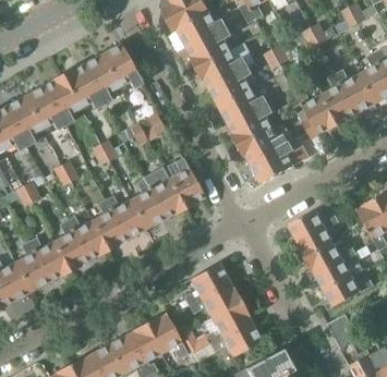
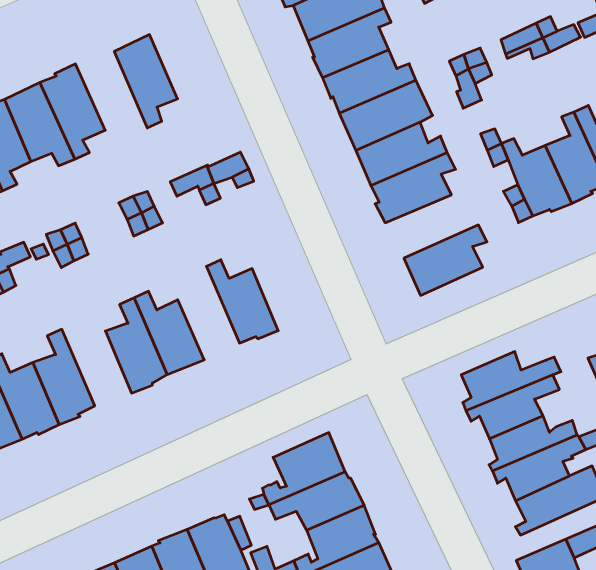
building: [100,44,142,88] -> none
building: [61,64,104,109] -> none
building: [239,126,290,163] -> none
building: [168,156,204,209] -> none
building: [129,178,165,229] -> none
building: [66,215,108,259] -> none

